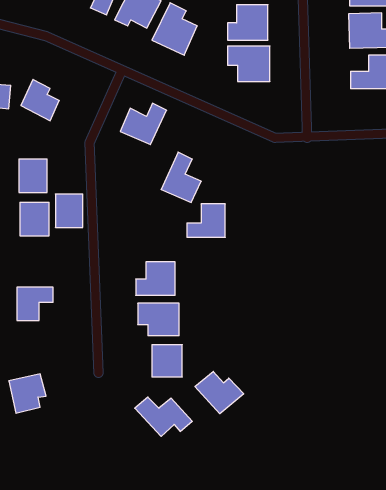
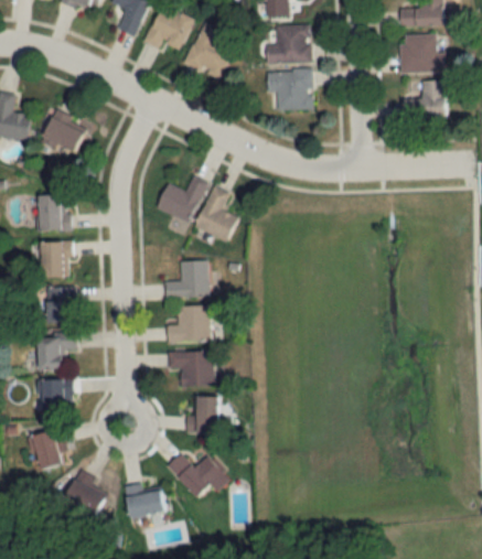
building: [120,103,167,145] -> [157,178,207,223]
building: [55,194,83,227] -> [45,288,75,324]
building: [187,204,225,237] -> [165,261,207,298]
building: none -> [41,380,69,416]
building: [195,371,244,414] -> none
building: none -> [69,479,101,512]
building: none -> [125,485,164,517]

